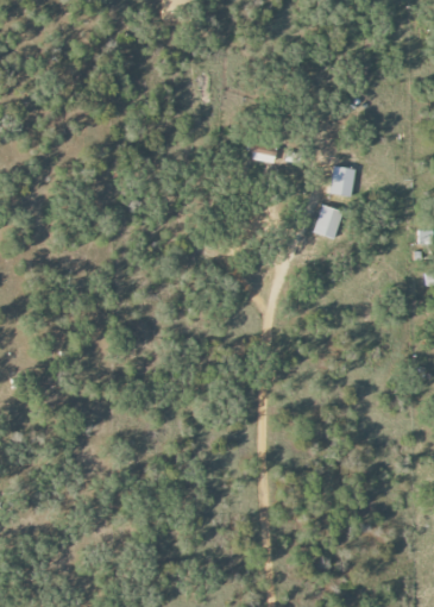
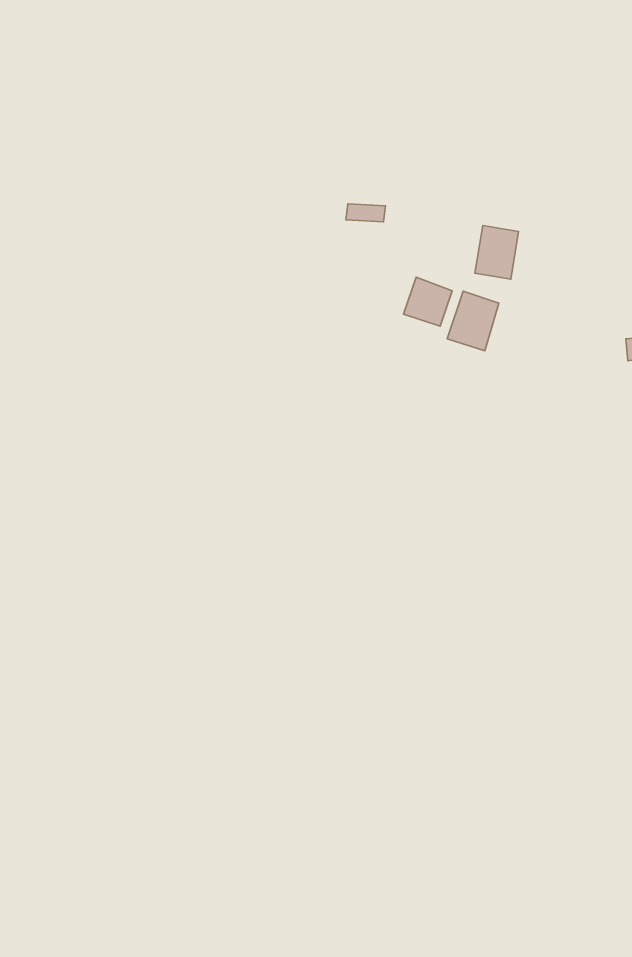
building: none -> [403,277,452,326]

